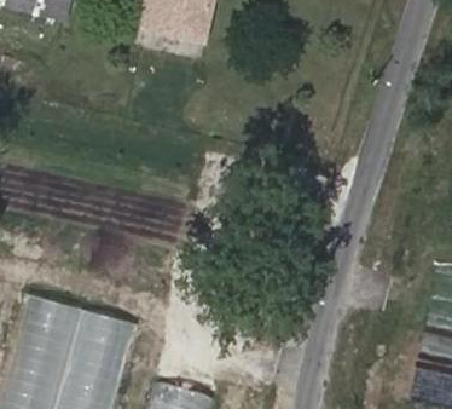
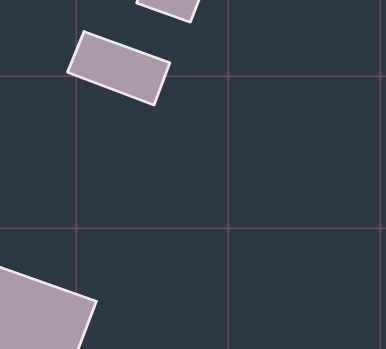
building: none -> [68,31,170,105]

